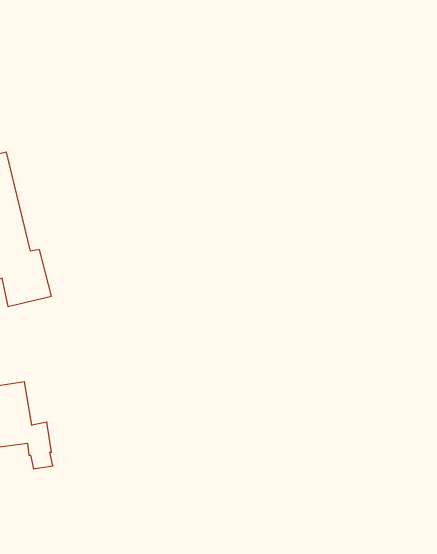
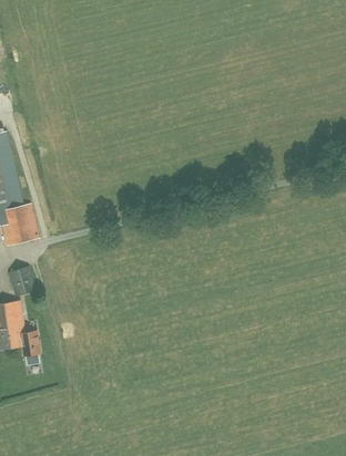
building: none -> [8,265,35,296]

